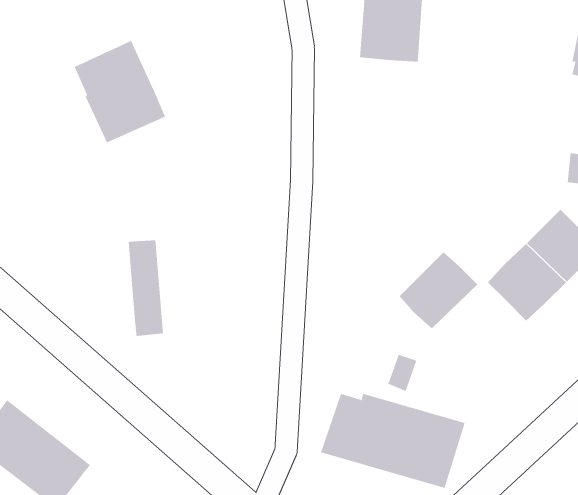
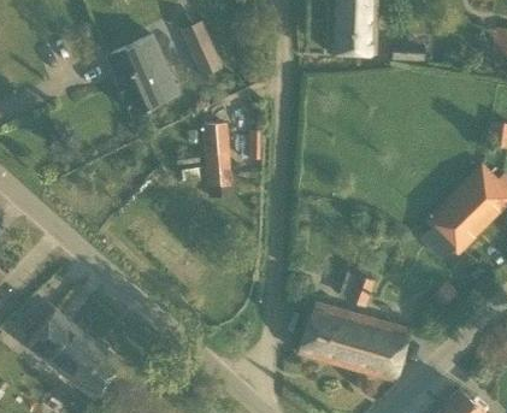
building: none -> [182,20,220,76]
building: [128,240,164,337] -> [204,124,231,199]
building: [399,252,478,329] -> none

